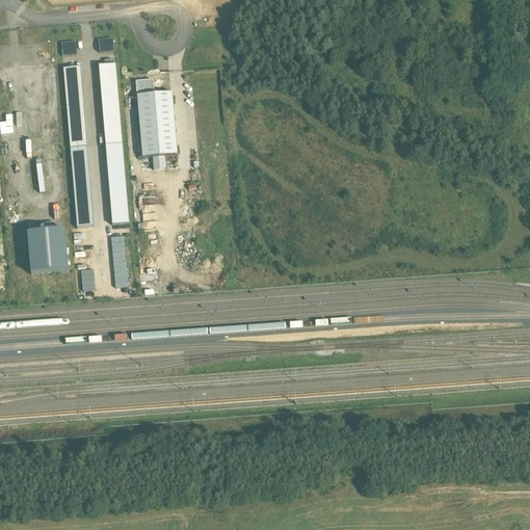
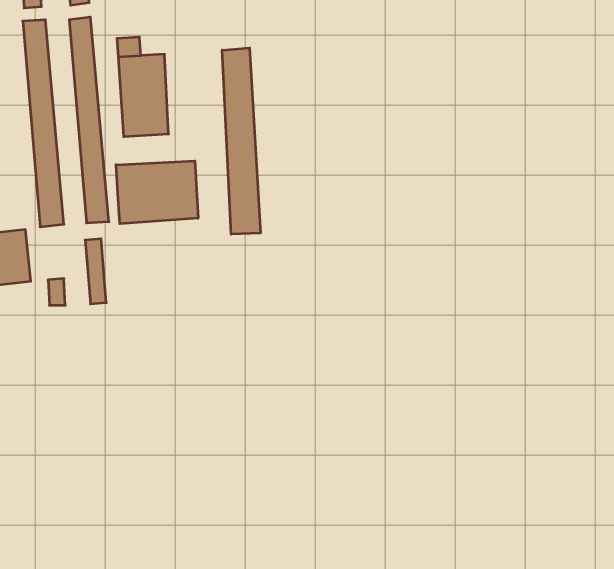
building: none -> [222,48,260,234]
building: none -> [116,161,198,224]

